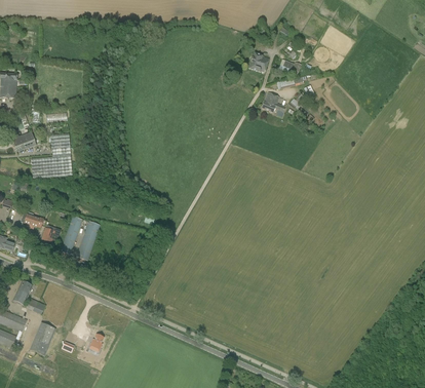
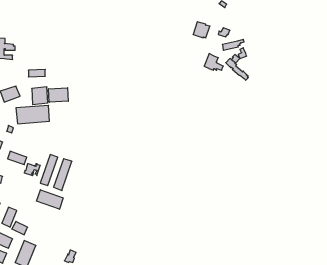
building: none -> [49,88,68,102]
building: none -> [37,190,63,209]

